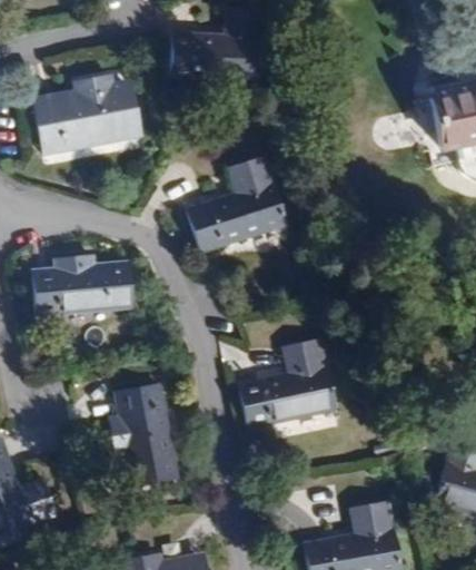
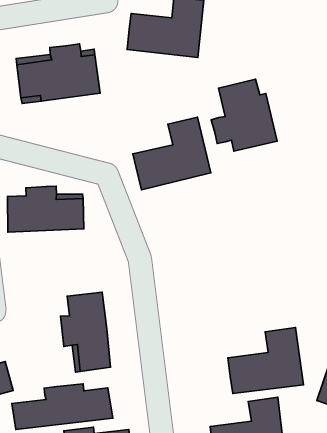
building: none -> [211,79,277,151]
building: [239,340,336,428] -> [228,327,304,394]
building: none -> [12,384,113,429]

